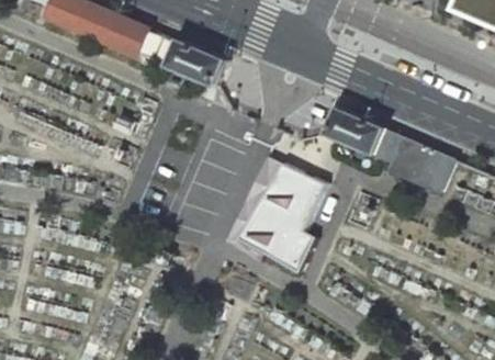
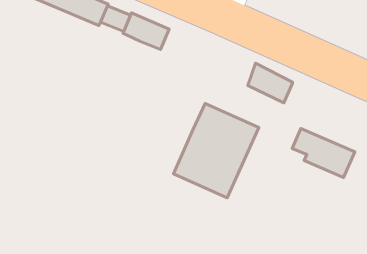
building: [370,128,450,191] -> [292,129,355,178]

